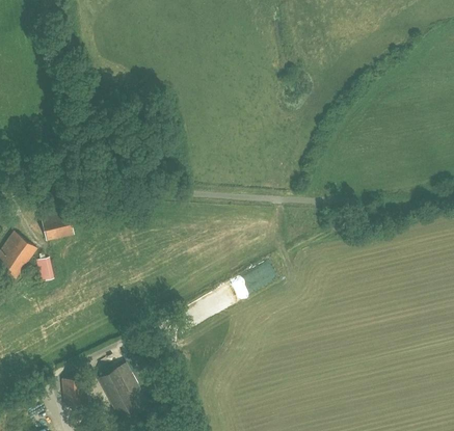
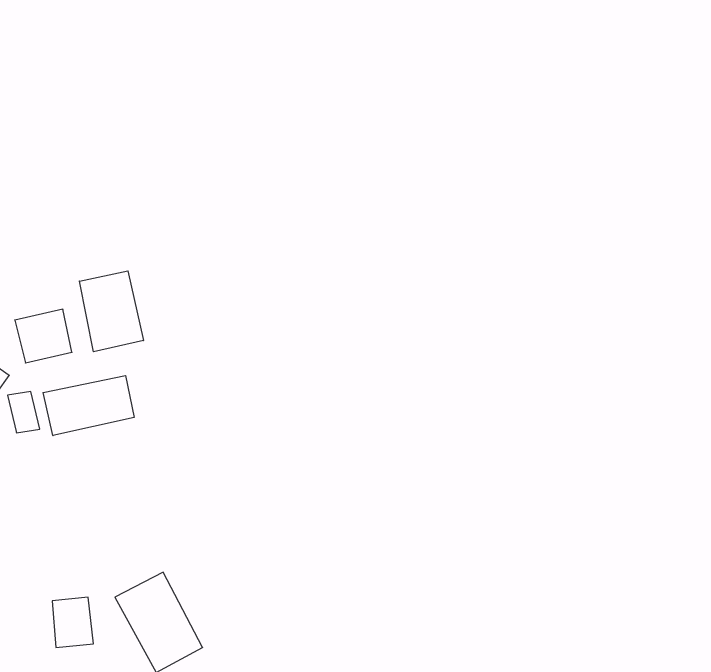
building: none -> [79,271,143,352]
building: none -> [43,376,134,436]

